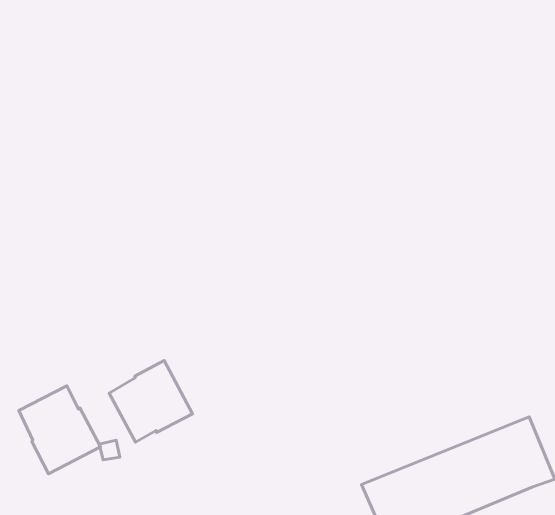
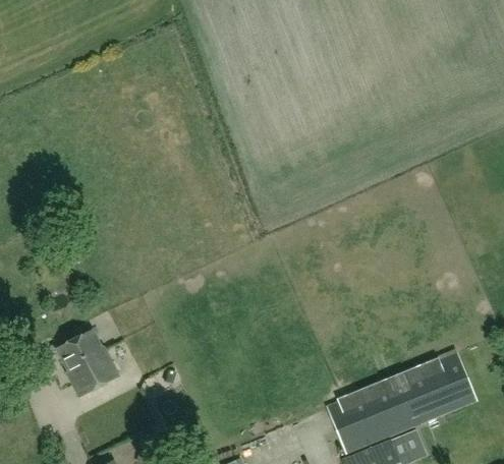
building: [109,360,192,442] -> none

